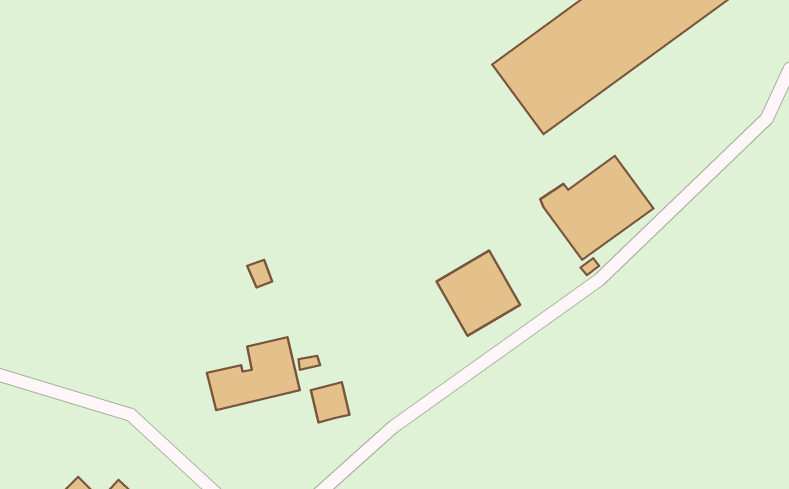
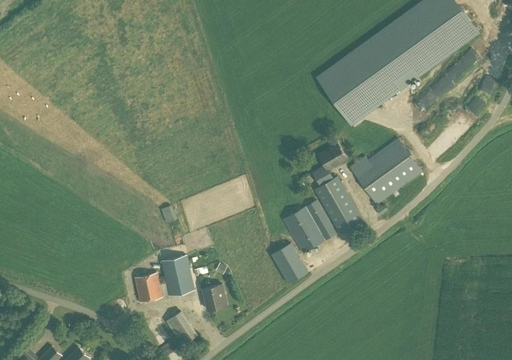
building: none -> [311,143,362,233]
building: none -> [270,243,307,284]
building: none -> [165,310,197,345]

